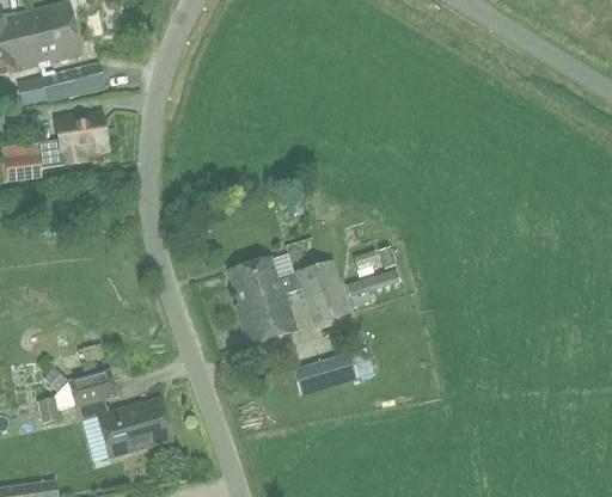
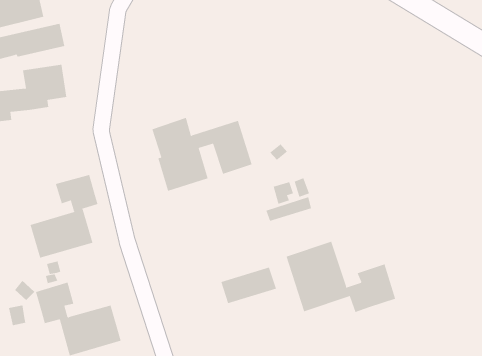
building: none -> [30,174,98,258]
building: [228,257,349,345] -> [151,117,253,191]
building: none -> [286,241,396,313]

